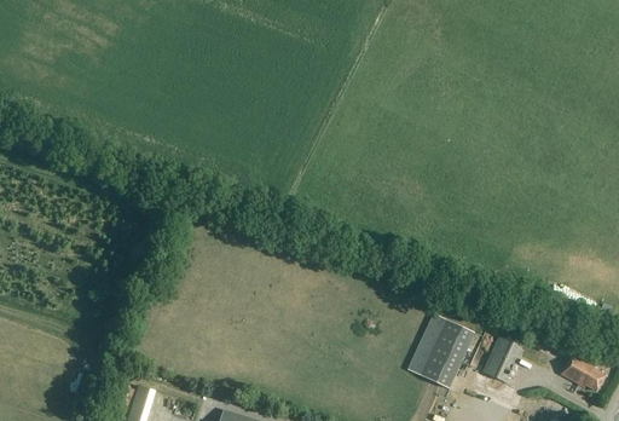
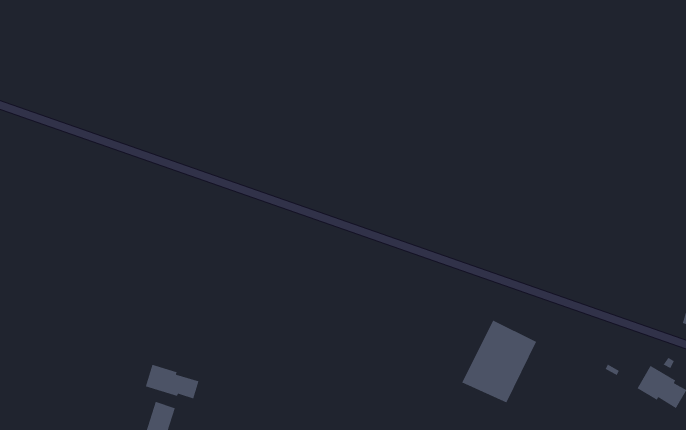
building: [481,336,519,381] -> none
building: none -> [145,364,200,399]

